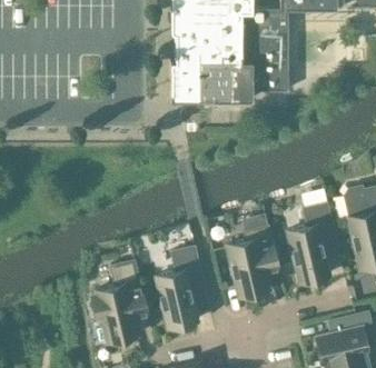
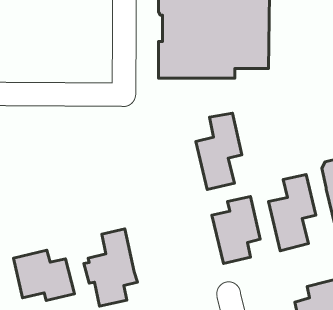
building: [157,247,206,328] -> [196,113,242,190]
building: none -> [13,250,74,300]

